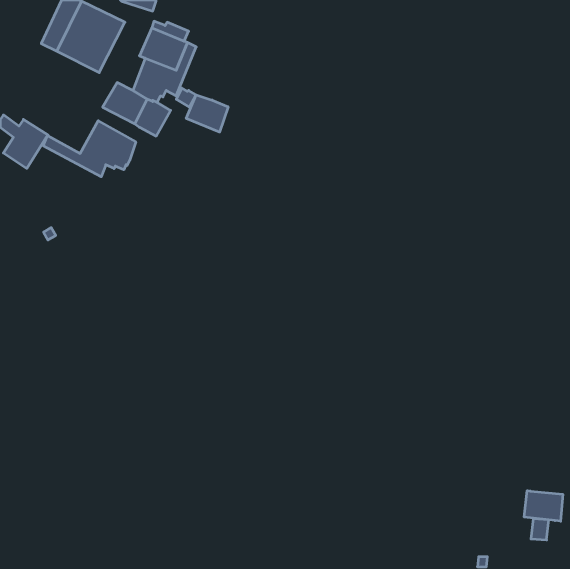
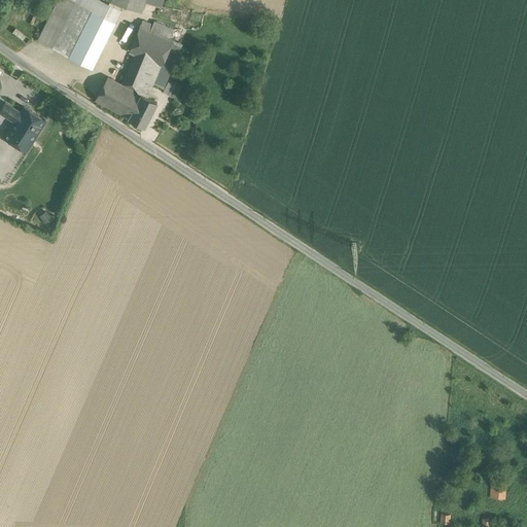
building: [186,95,228,132] -> none
building: [43,121,136,177] -> none
building: [524,491,563,521] -> none

